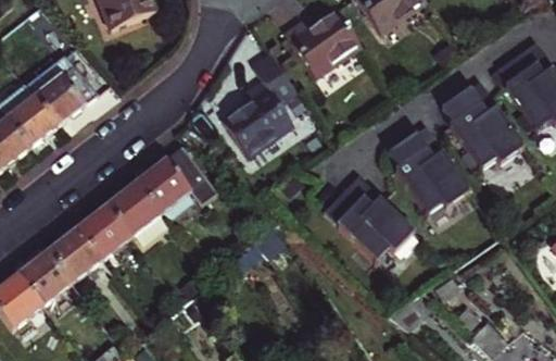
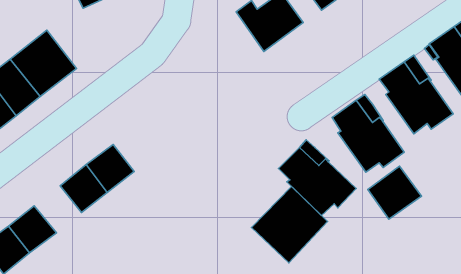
building: [219,54,295,153] -> none
building: [139,147,217,211] -> none
building: none -> [368,166,421,219]
building: [50,227,103,281] -> none
building: none -> [252,186,328,263]

